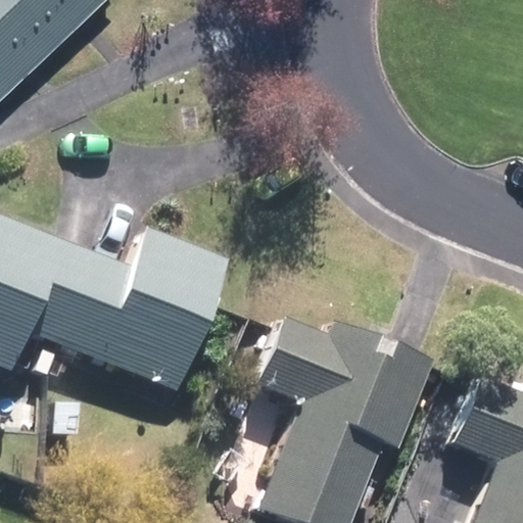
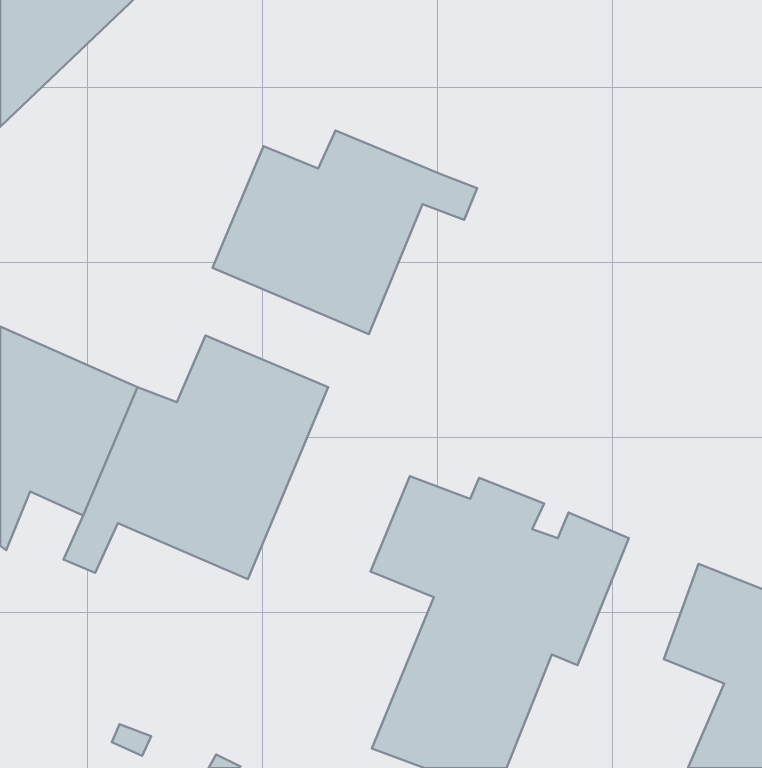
building: none -> [212,130,477,334]

